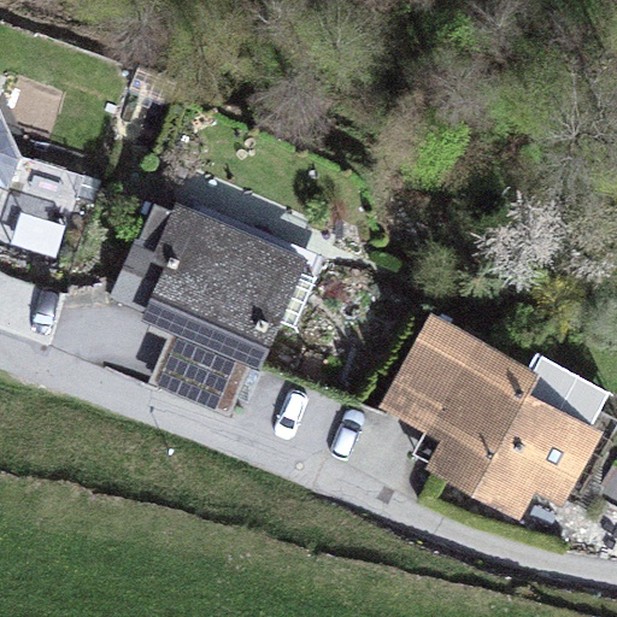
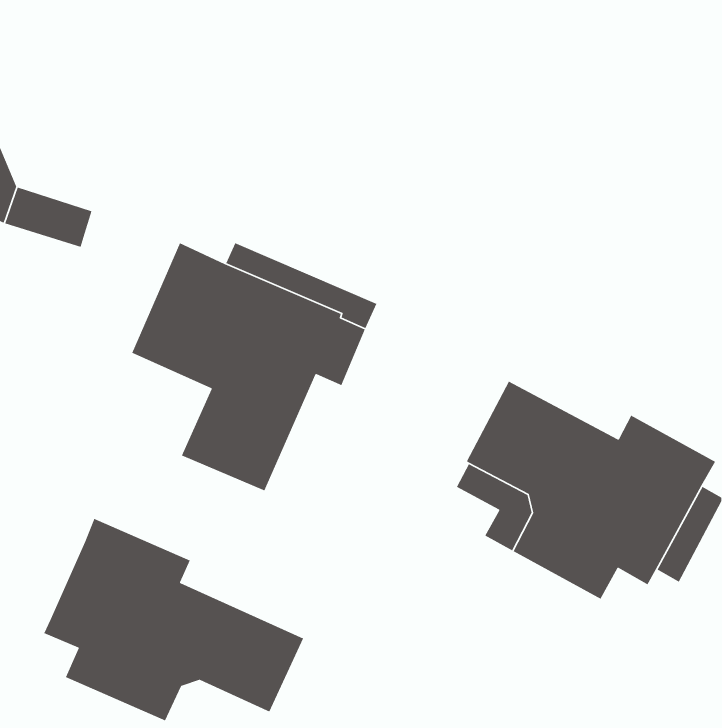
building: none -> [43,518,304,721]

